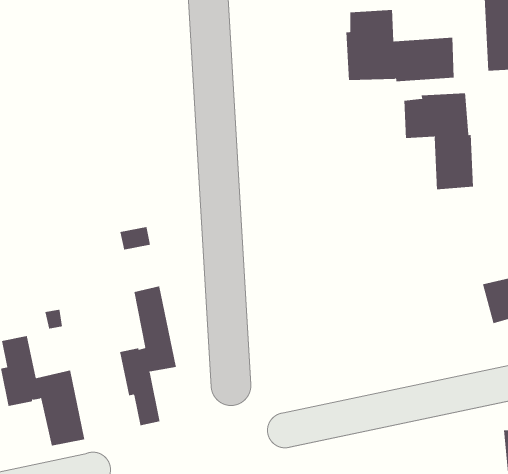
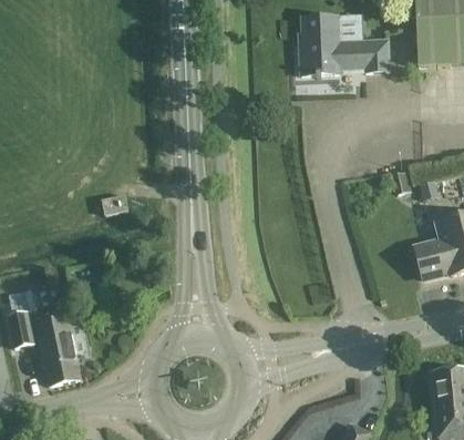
building: [404,92,473,190] -> none
building: [119,286,176,426] -> none

